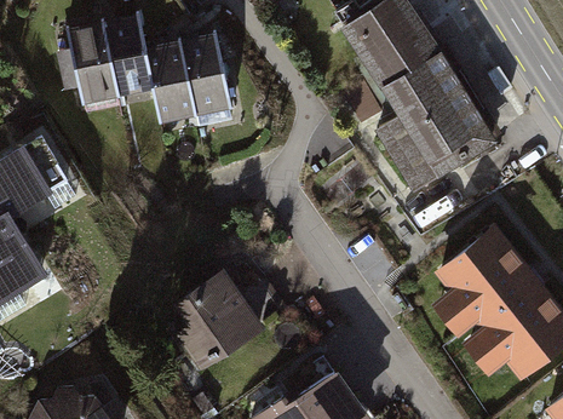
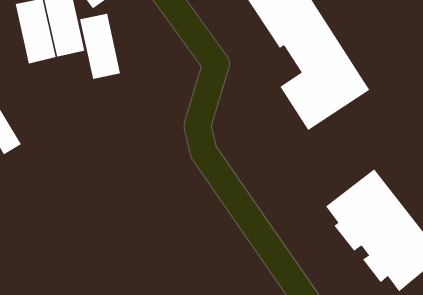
building: [179,36,229,115] -> none
building: [174,272,282,362] -> none

